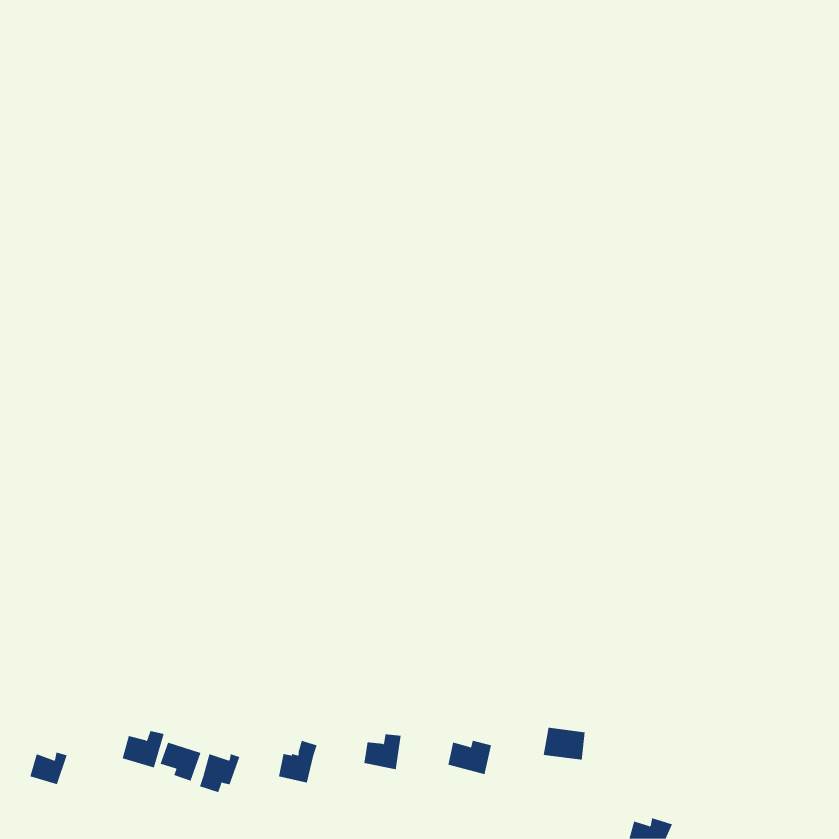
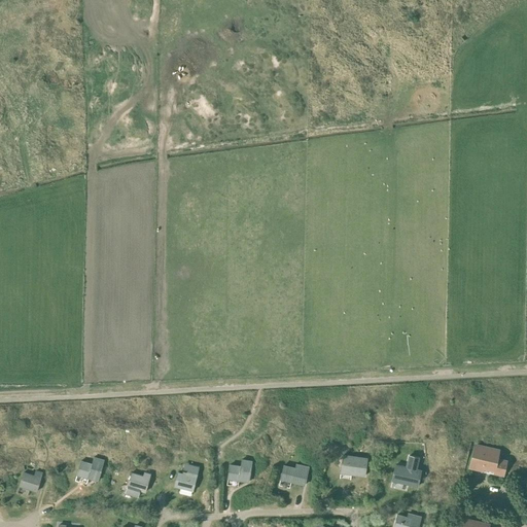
building: none -> [470,446,506,476]
building: none -> [392,455,420,486]
building: [160,742,201,781] -> none

